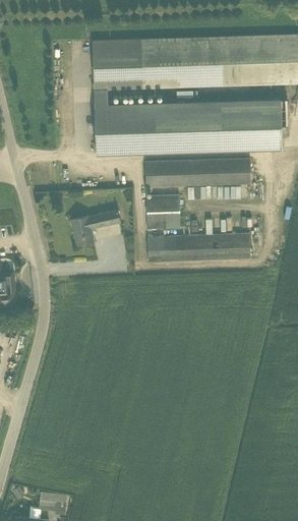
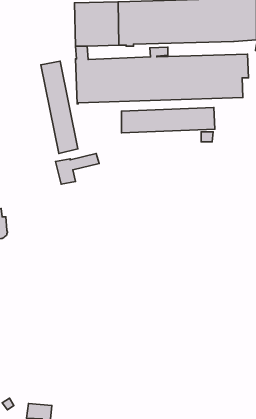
building: none -> [41,61,78,153]
building: [145,196,178,229] -> none
building: [146,235,249,263] -> none

